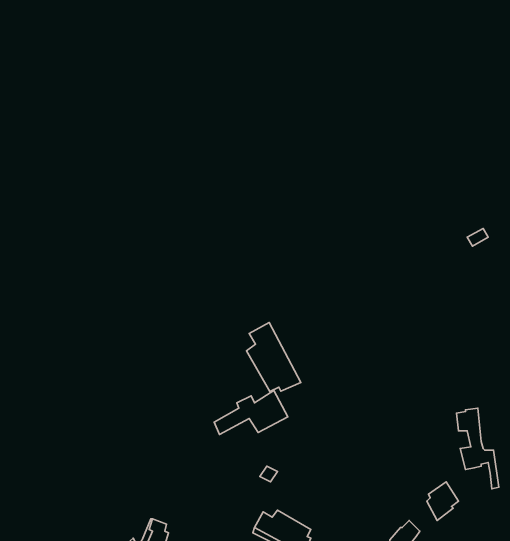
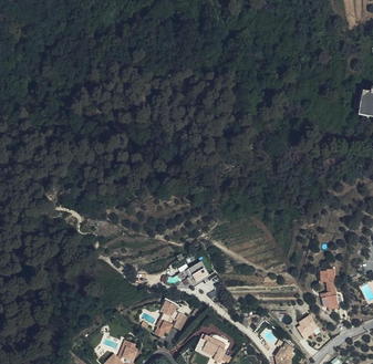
building: [247,323,301,391] -> none
building: none -> [154,301,186,336]

